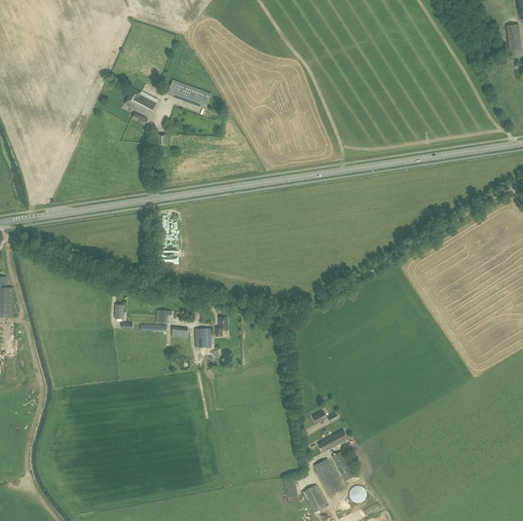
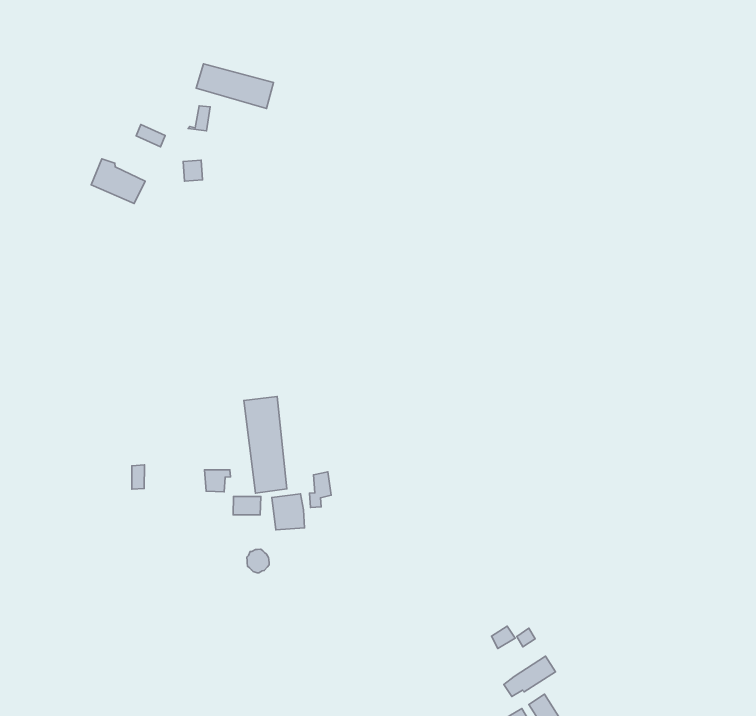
building: [125,89,156,116] -> [91,159,145,204]
building: none -> [244,397,287,493]

